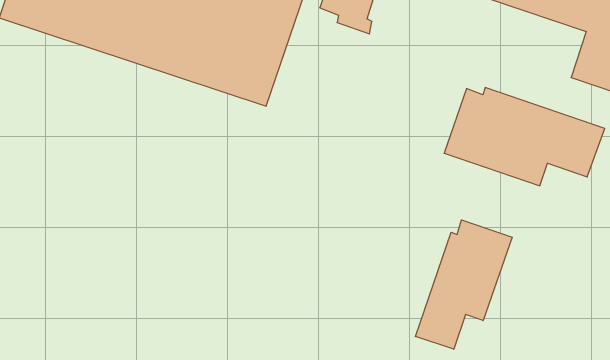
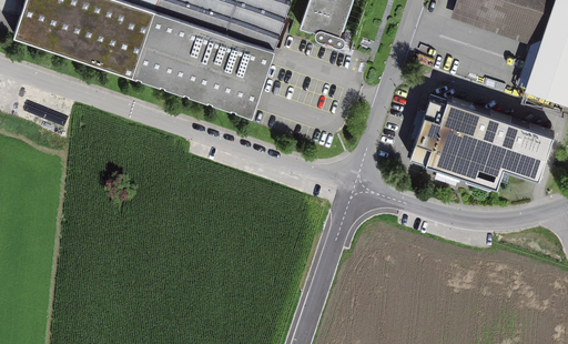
building: [415,220,512,349] -> none

